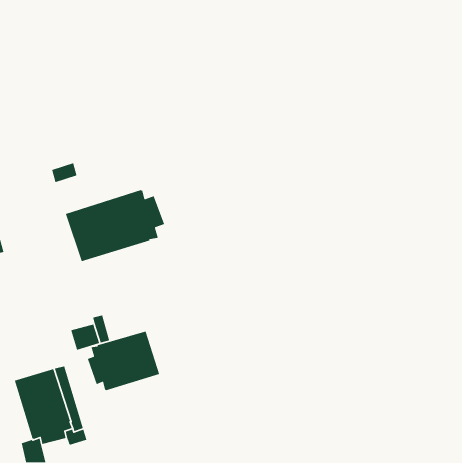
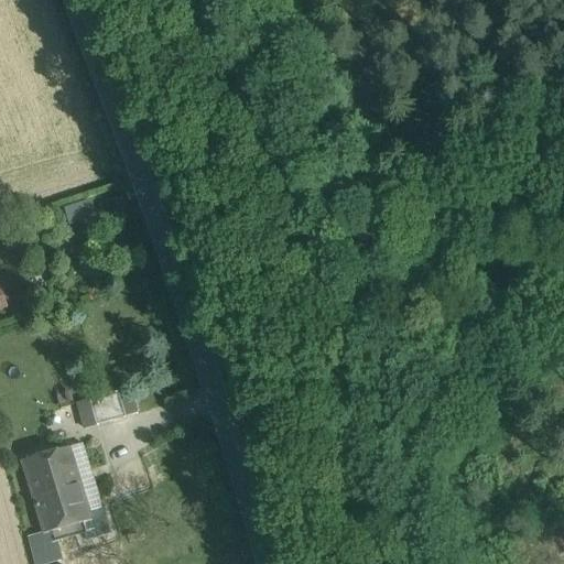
building: [65,189,165,262] -> none
building: [87,330,160,391] -> none

